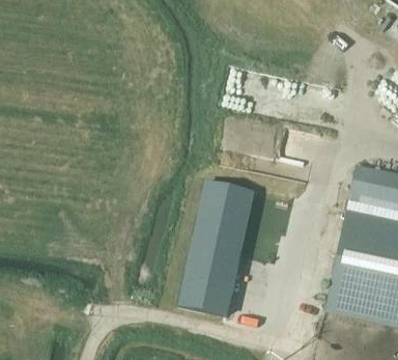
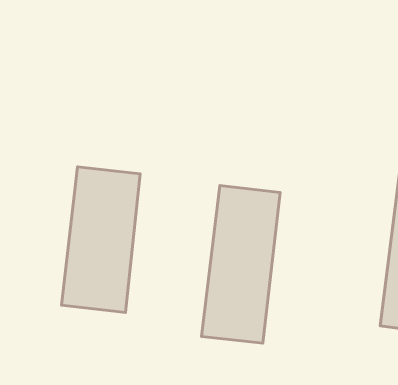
building: none -> [61,167,140,313]

